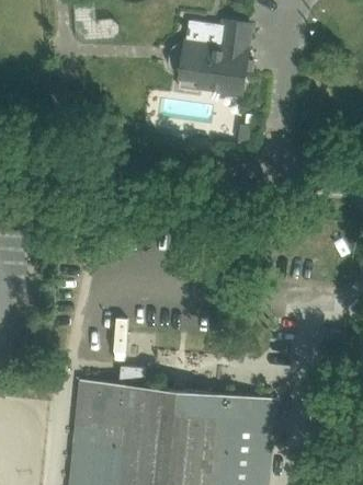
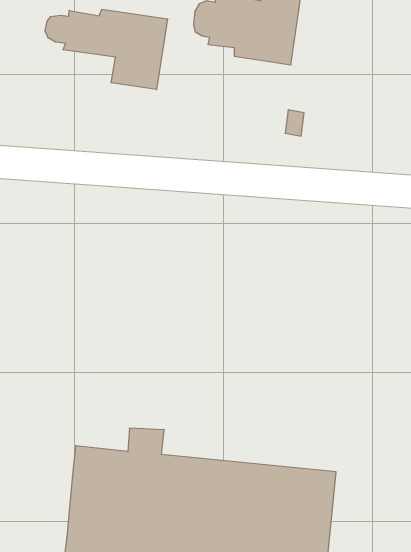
building: none -> [45,9,168,90]

